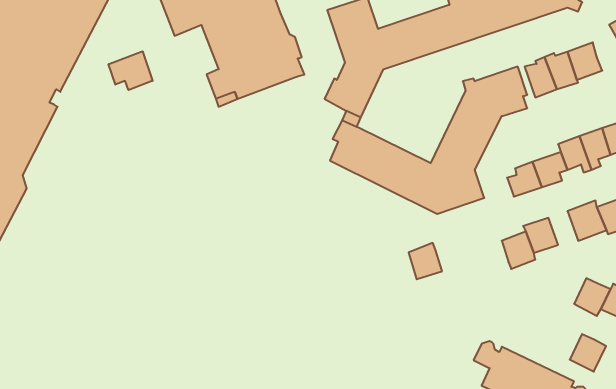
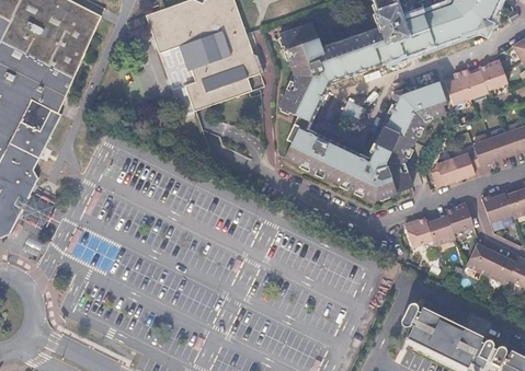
building: [109,51,153,90] -> none
building: [409,243,442,279] -> [403,216,431,245]
building: [570,334,606,372] -> [465,242,494,273]

